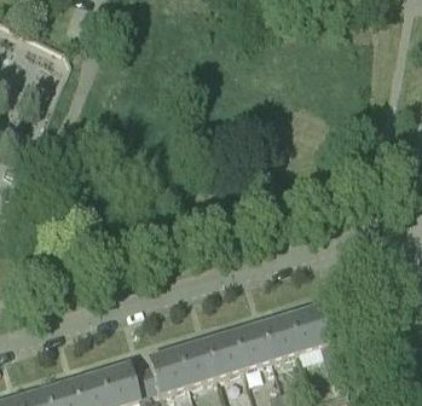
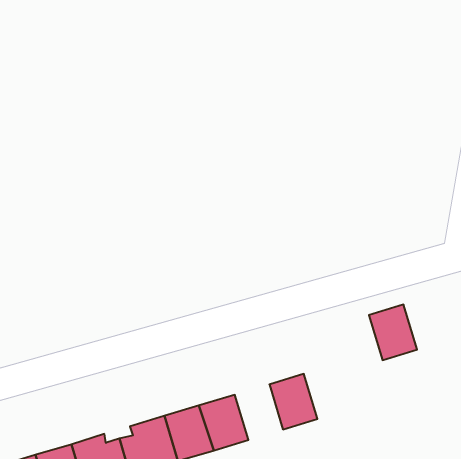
building: [284,306,323,350] -> [369,305,417,360]
building: [229,323,267,367] -> none

